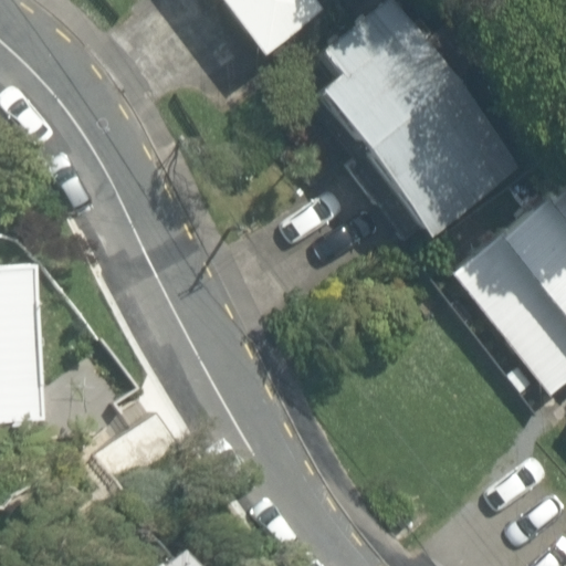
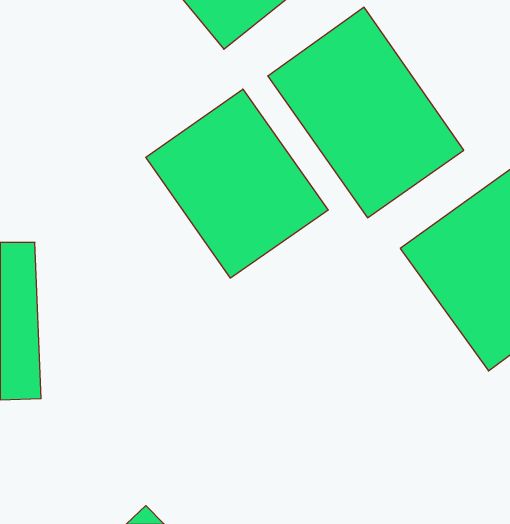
building: none -> [146,89,328,278]

